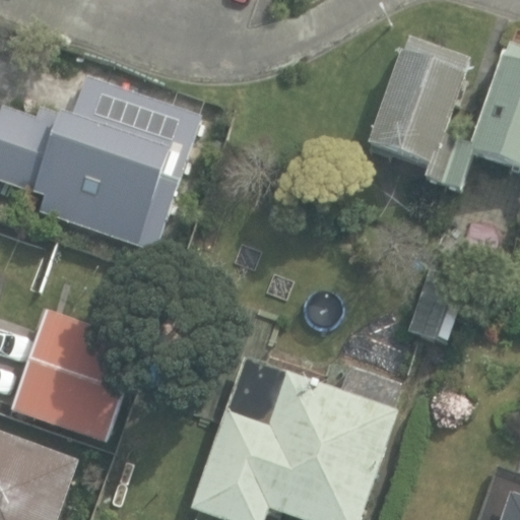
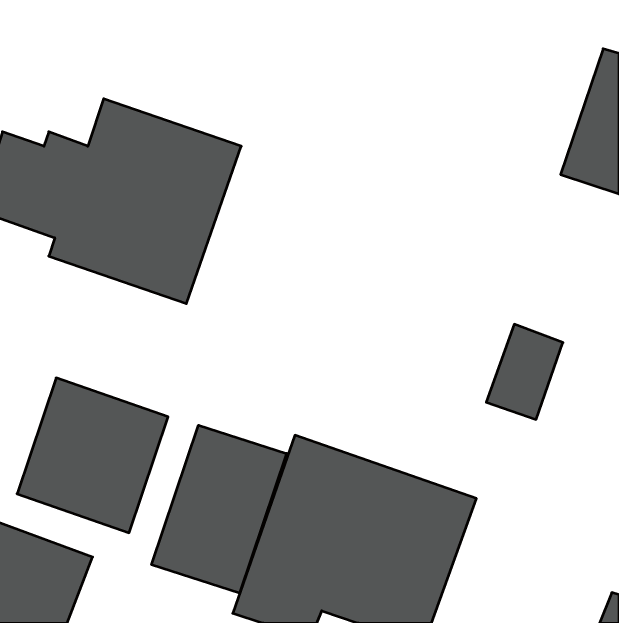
building: [362,30,465,182] -> none
building: none -> [152,425,287,593]

